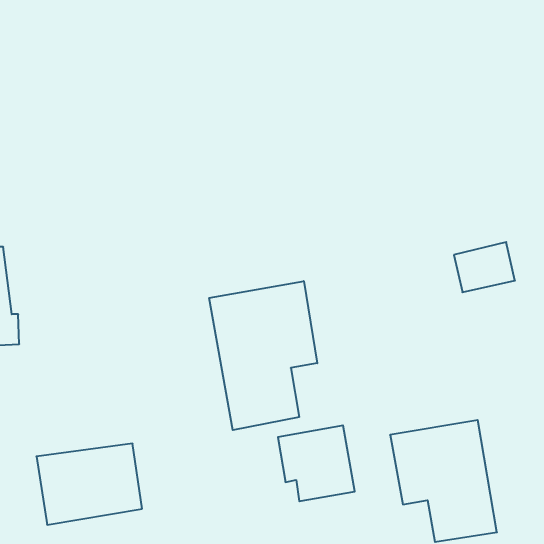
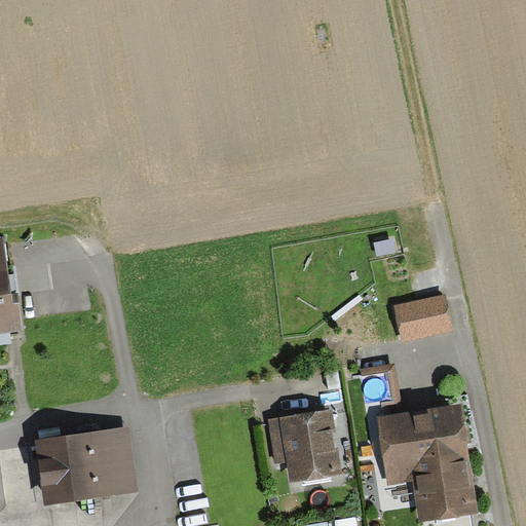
building: [454,242,515,292] -> [393,294,452,342]
building: [209,281,317,430] -> none

